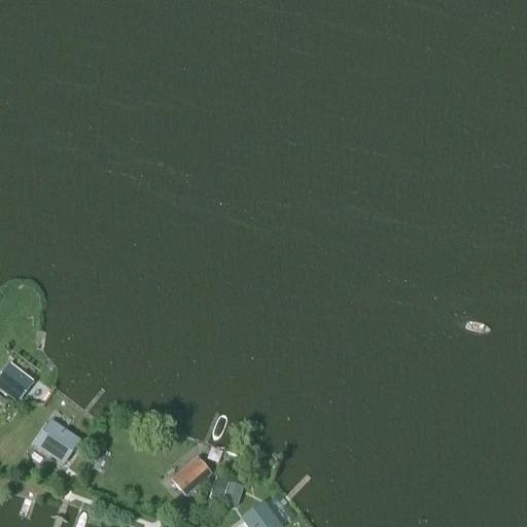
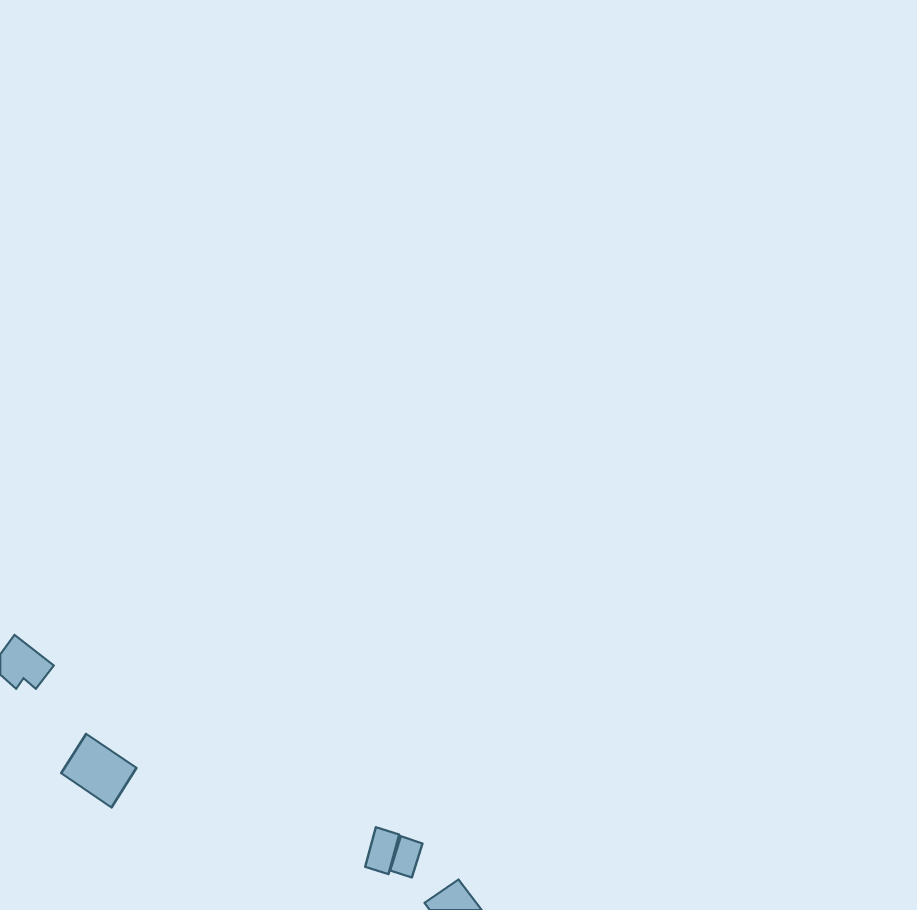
building: [173,456,211,494] -> none

